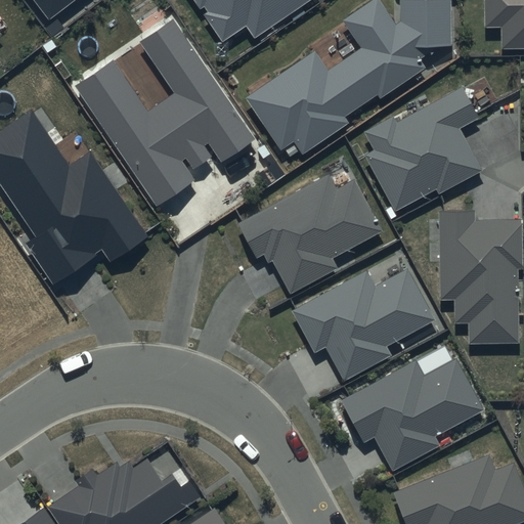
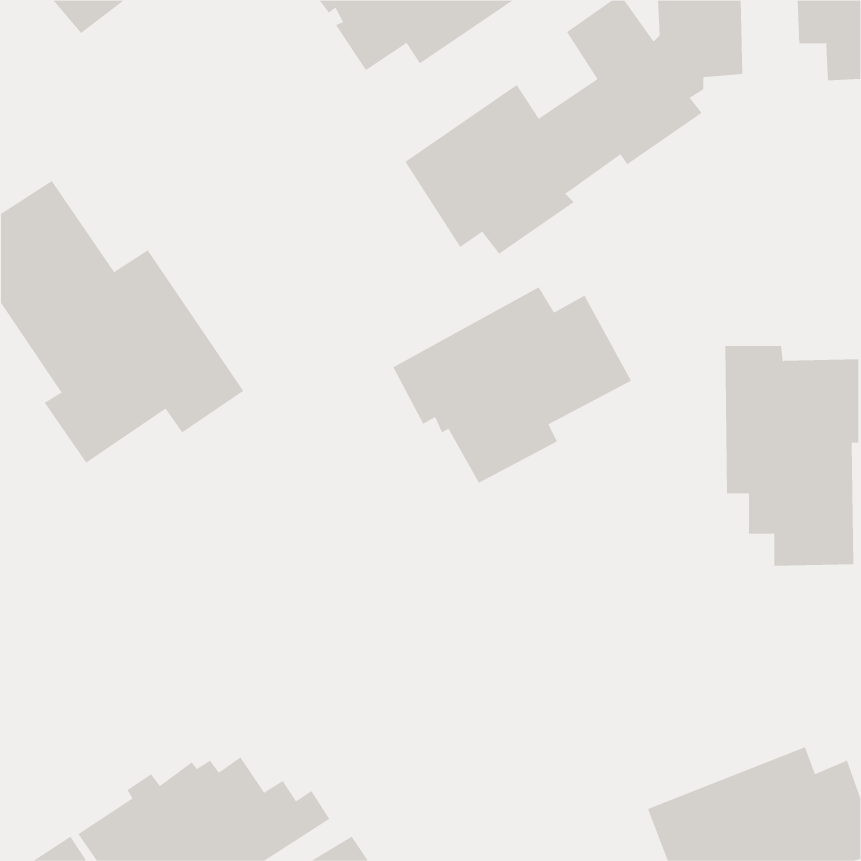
building: [74,17,258,206] -> none
building: [365,87,482,211] -> none
building: [292,267,436,381] -> none
building: [341,358,483,471] -> none

